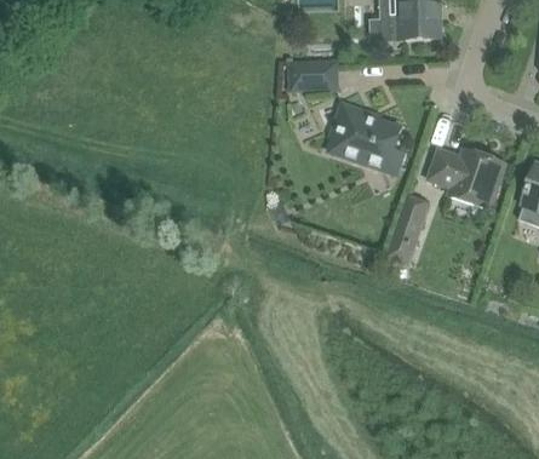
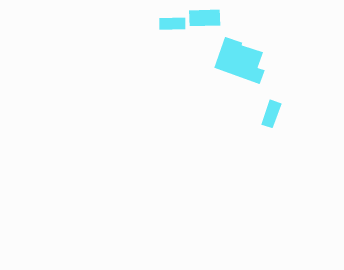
building: none -> [159,17,186,30]
building: [428,147,504,207] -> none

